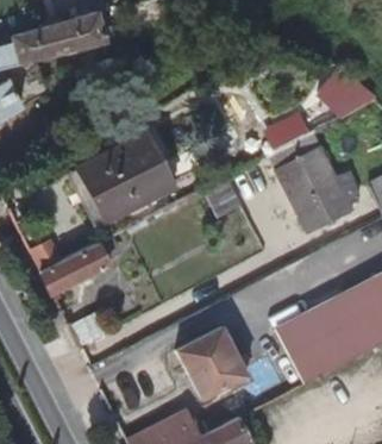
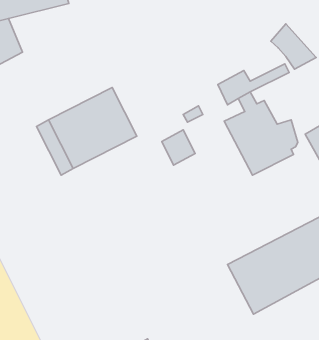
building: [43,237,118,296] -> none
building: [177,326,250,400] -> none

